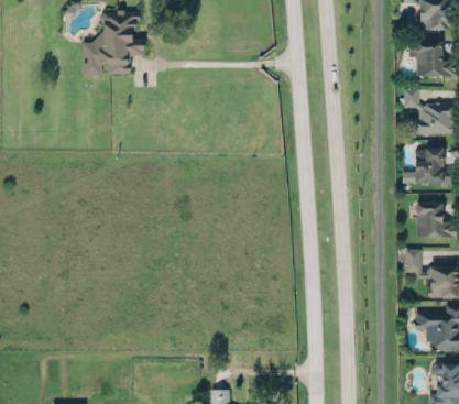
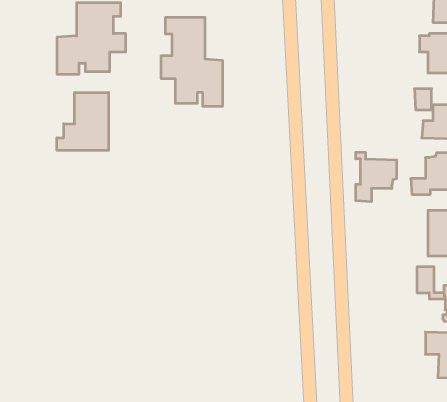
building: none -> [161,17,222,106]
building: none -> [57,92,109,150]
building: none -> [356,152,397,202]

